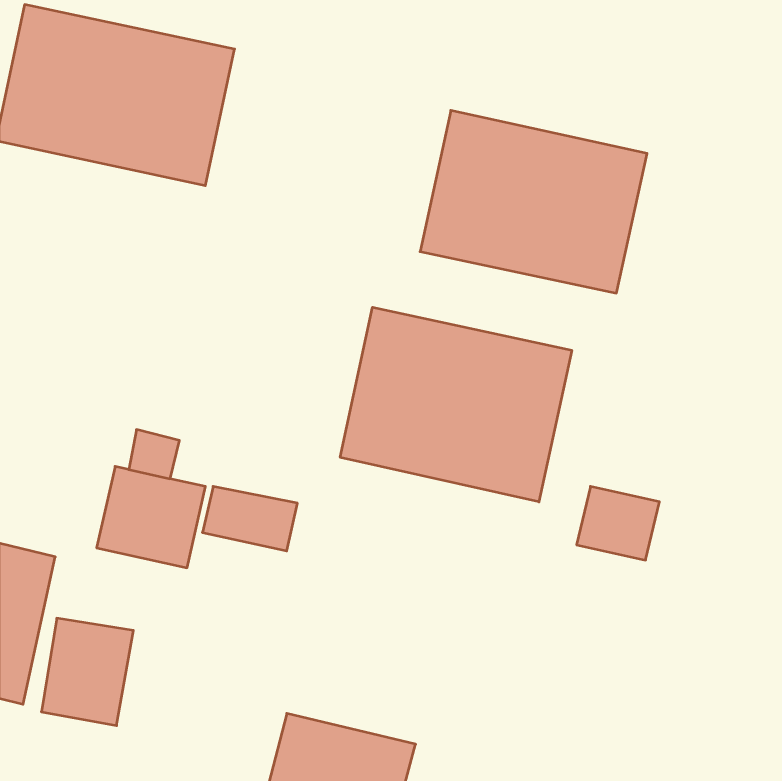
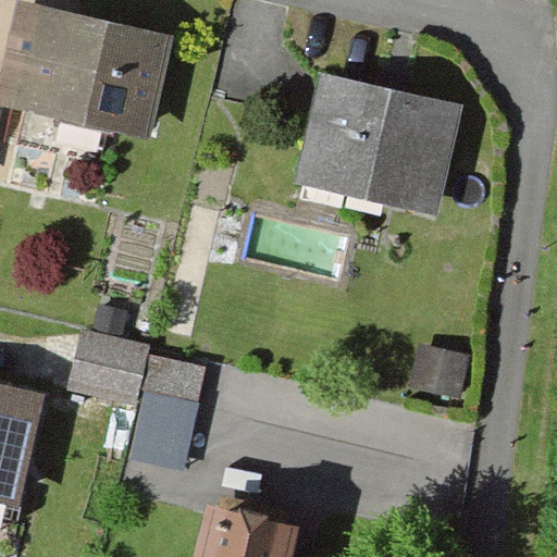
building: [340,307,572,502] -> none
building: [41,618,133,726] -> [134,385,199,461]

